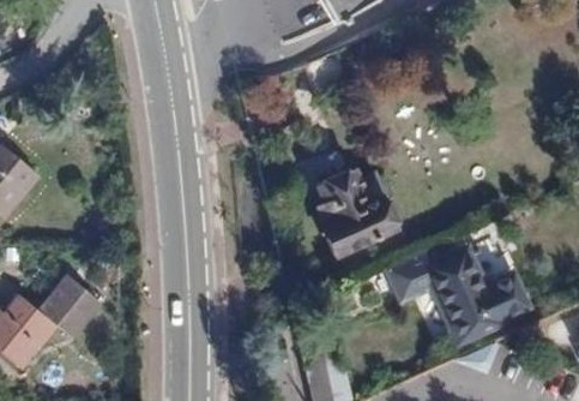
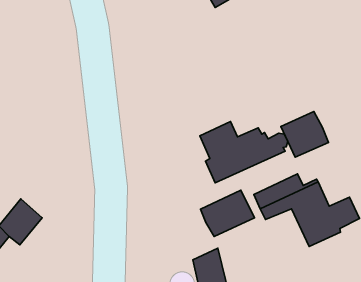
building: none -> [281,111,328,157]
building: none -> [200,190,255,236]

